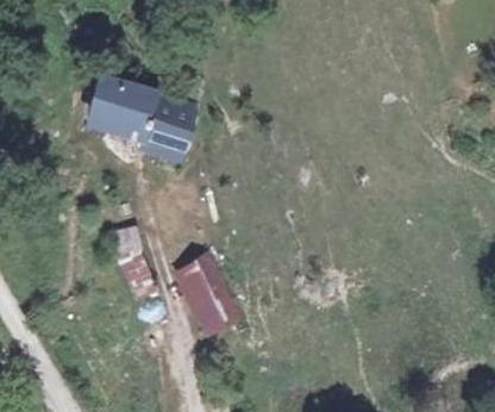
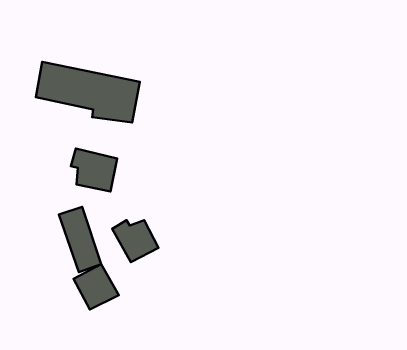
building: none -> [71,149,117,191]
building: [190,282,239,331] -> [73,264,119,310]

